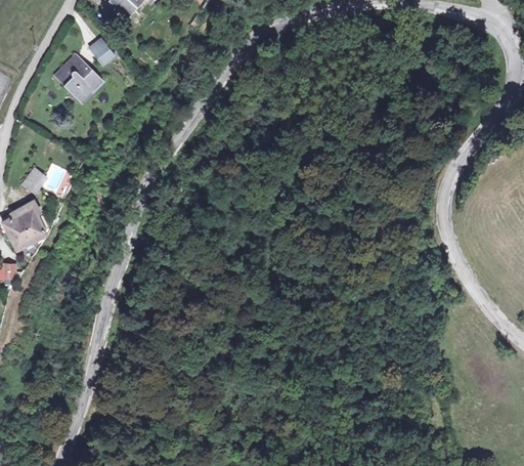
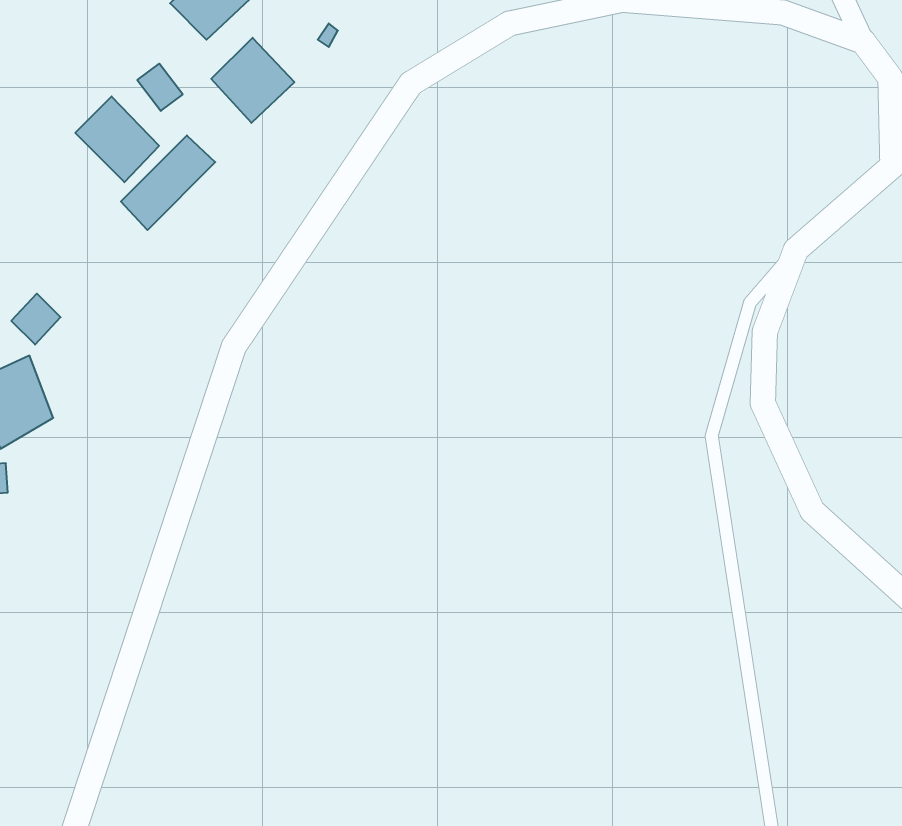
building: none -> [211,38,294,123]
building: none -> [121,135,215,230]

